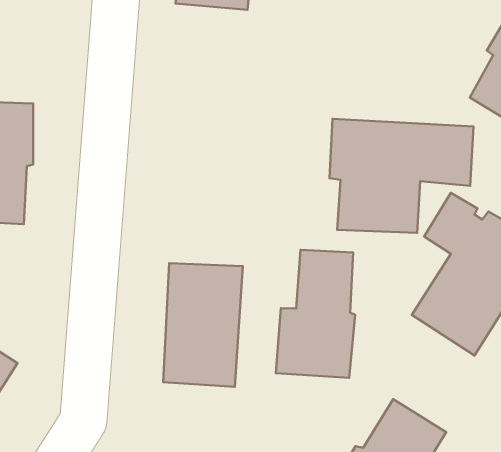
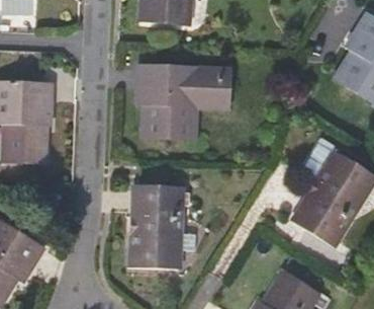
building: [329,119,473,233] -> [137,65,230,139]
building: [276,250,355,378] -> none

